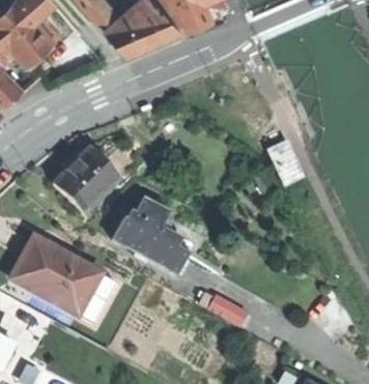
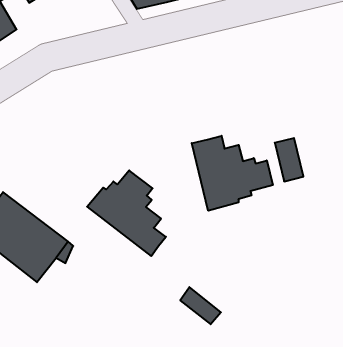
building: [56,147,121,212] -> none
building: none -> [192,136,273,211]

